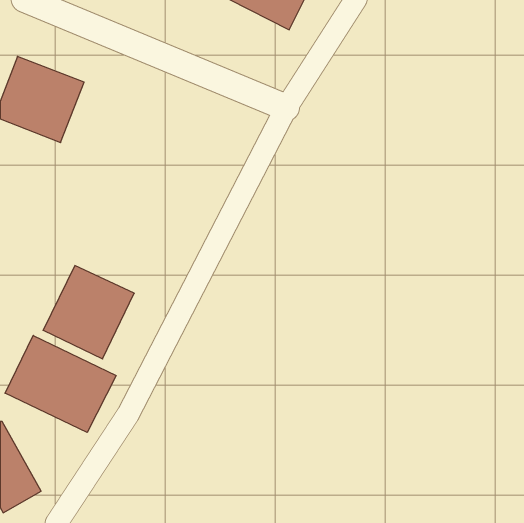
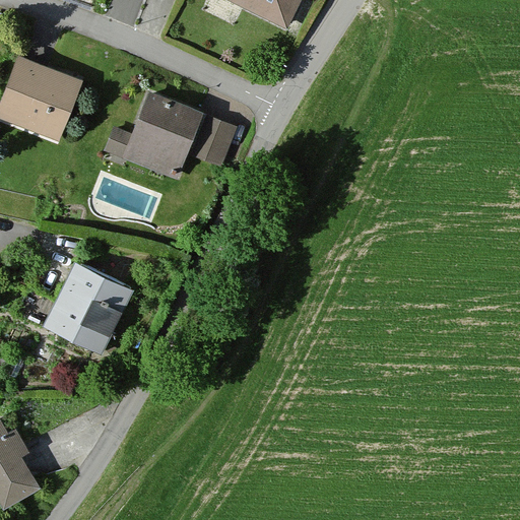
building: none -> [105,91,222,182]
building: [5,335,116,432] -> none

